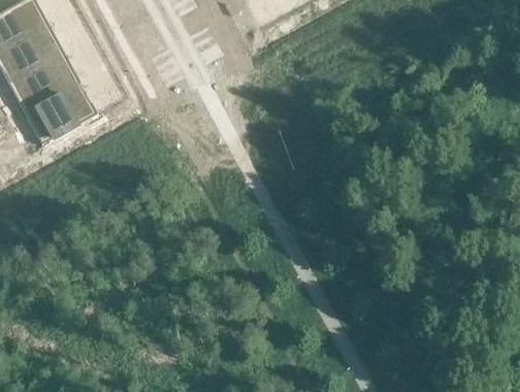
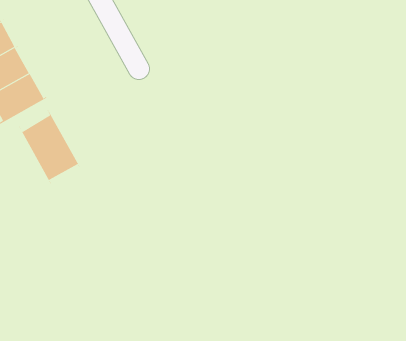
building: none -> [18,109,81,185]

